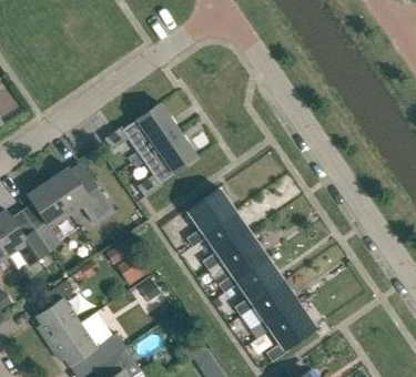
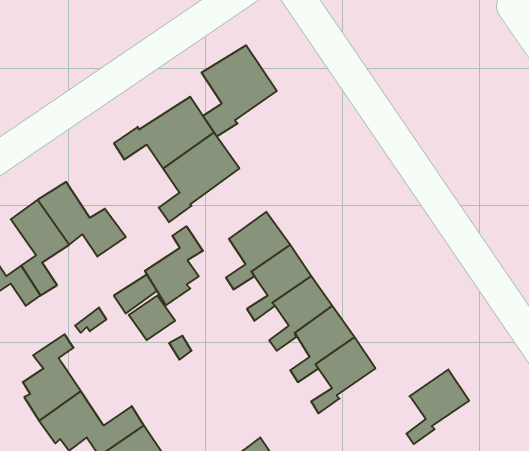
building: none -> [202,45,277,136]
building: none -> [145,226,203,305]
building: [266,306,313,361] -> [406,369,469,444]

